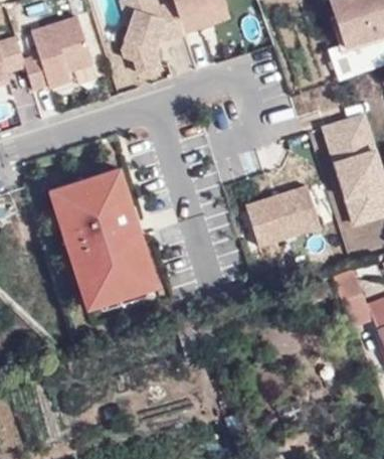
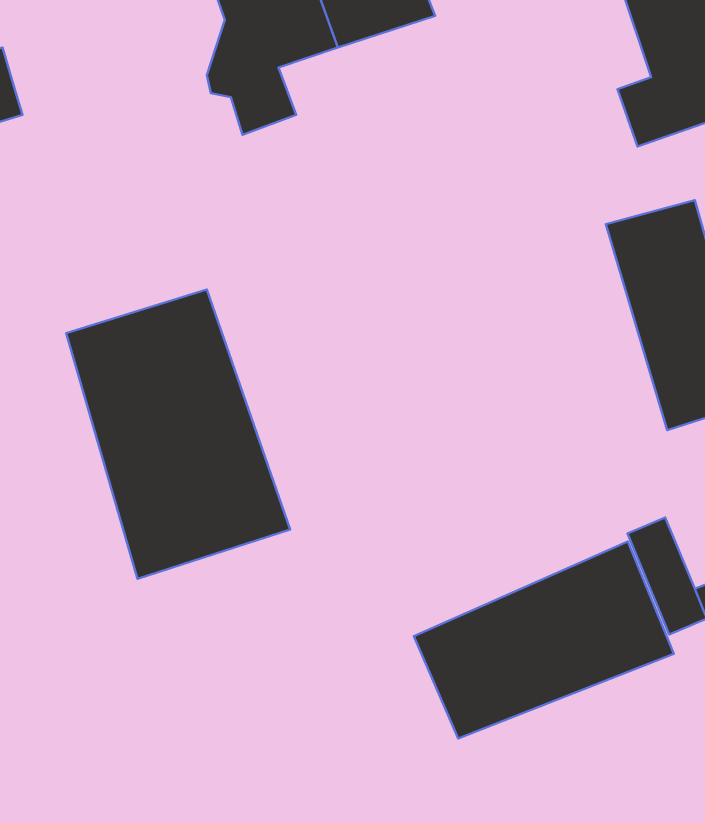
building: [23,16,90,92] -> none
building: [247,184,321,248] -> none
building: none -> [414,542,674,739]

